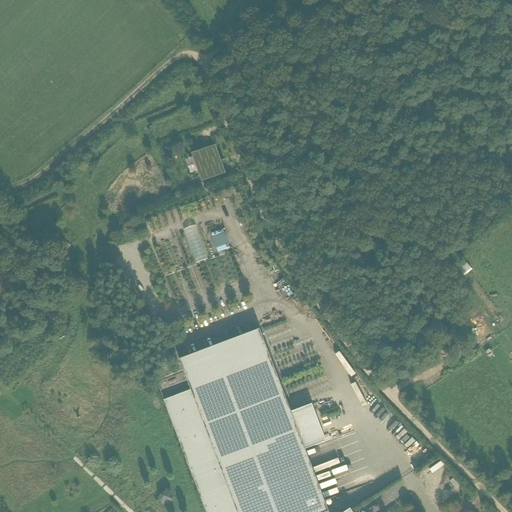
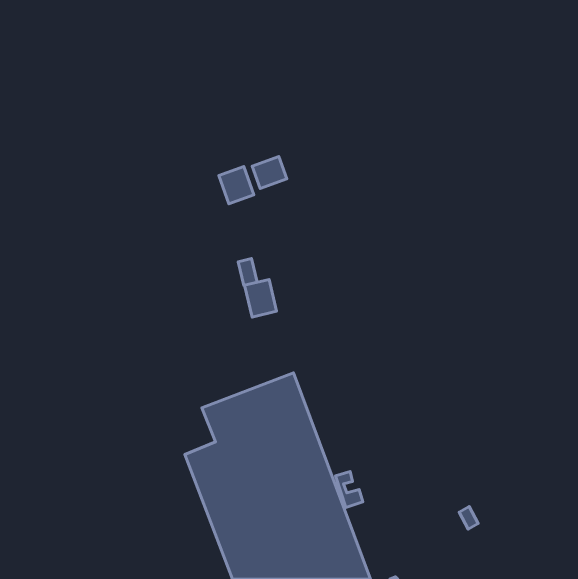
building: none -> [252,157,287,189]
building: none -> [245,280,277,317]

